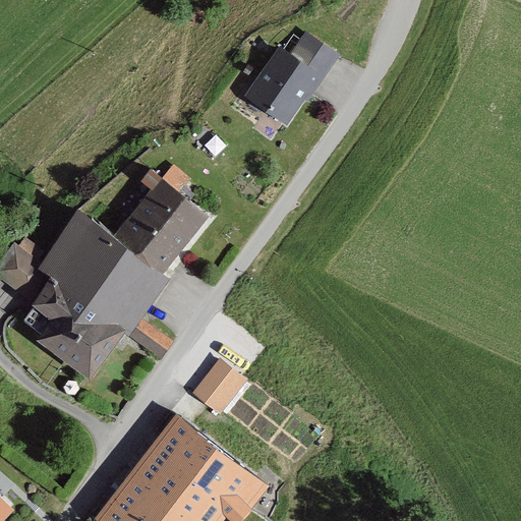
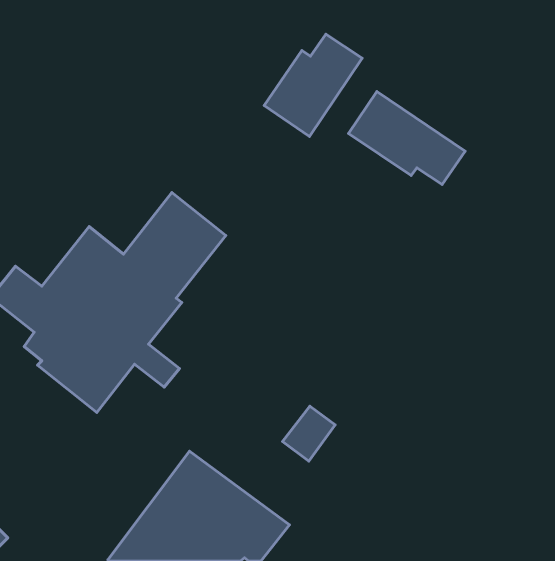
building: none -> [349,91,465,184]
building: [188,360,237,411] -> [282,406,335,461]

